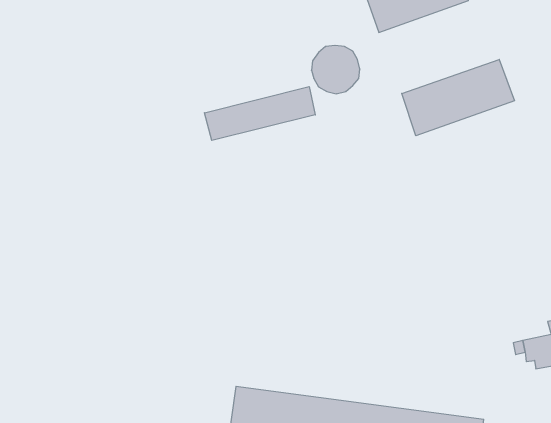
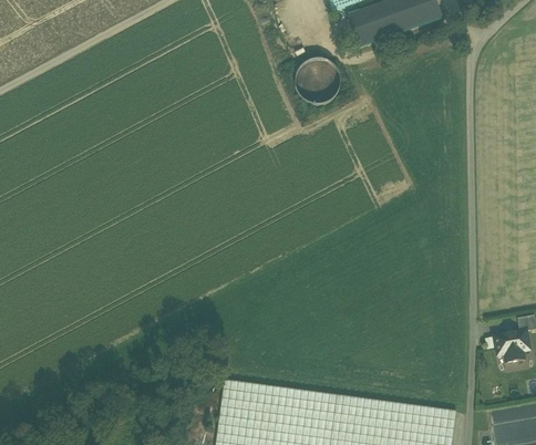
building: [402,59,514,136] -> none
building: [204,87,315,140] -> none

